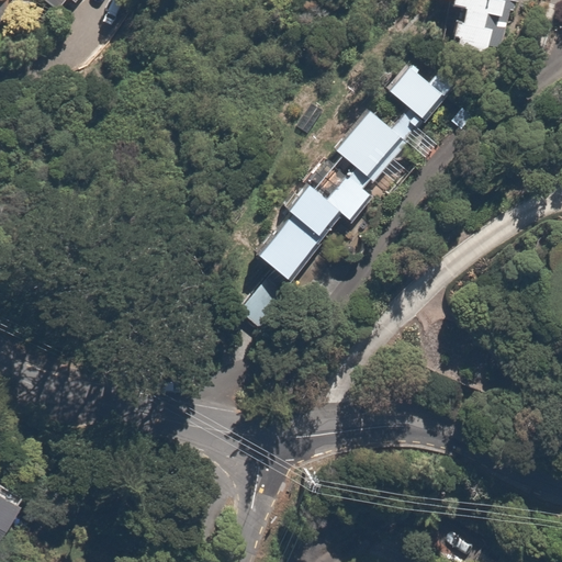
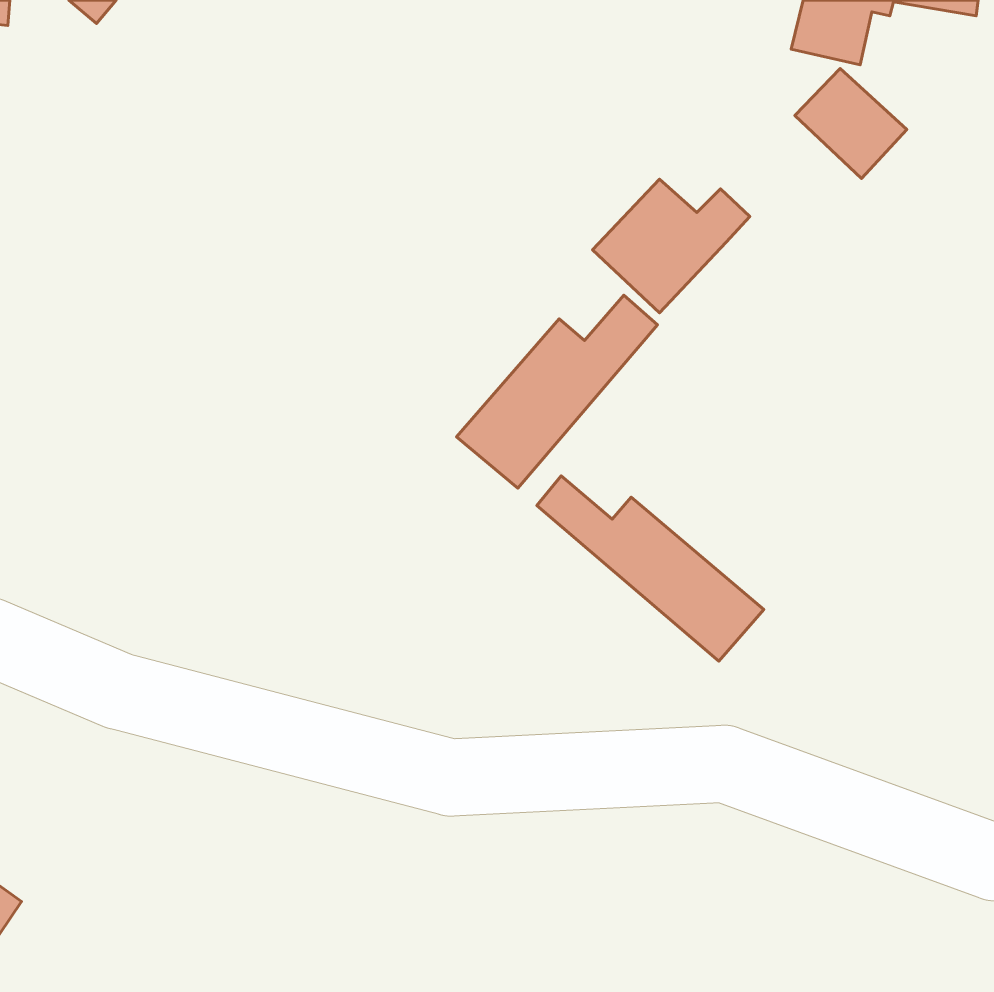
building: [386,61,449,123] -> [795,68,907,179]
building: none -> [537,476,764,661]

